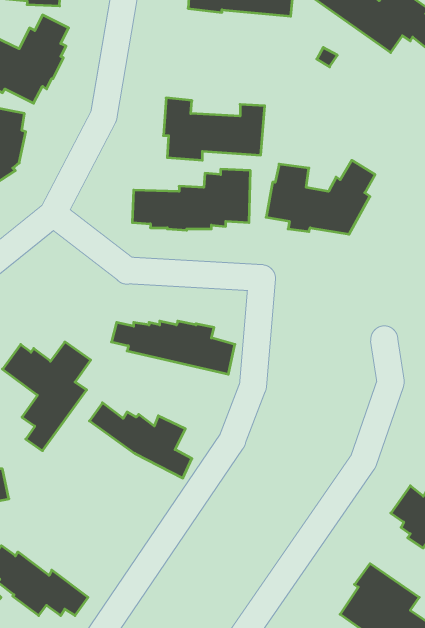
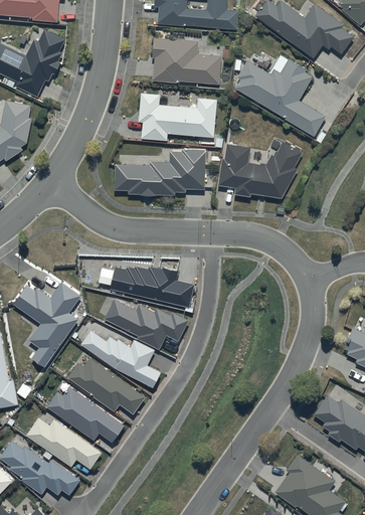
building: none -> [152,37,221,84]
building: none -> [235,53,325,136]
building: none -> [104,298,189,349]
building: none -> [67,357,145,413]
building: none -> [47,385,124,442]
building: none -> [25,416,102,469]

